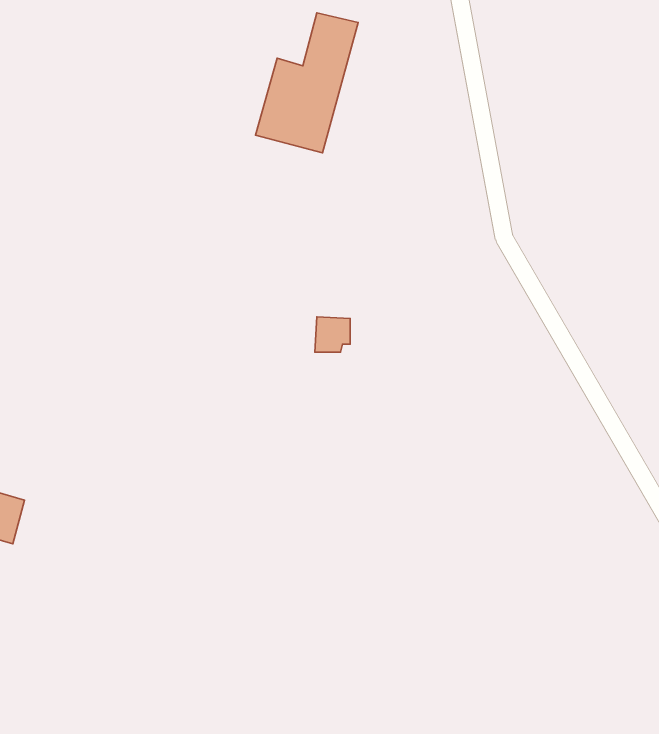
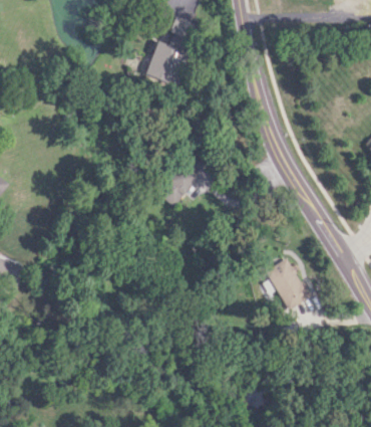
building: none -> [267,257,309,308]

